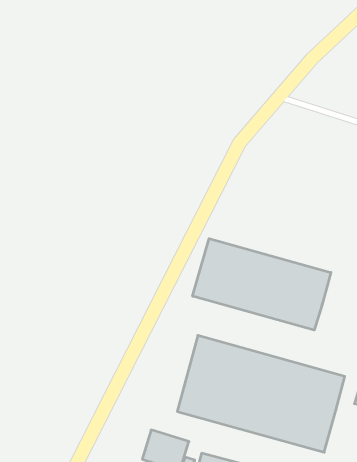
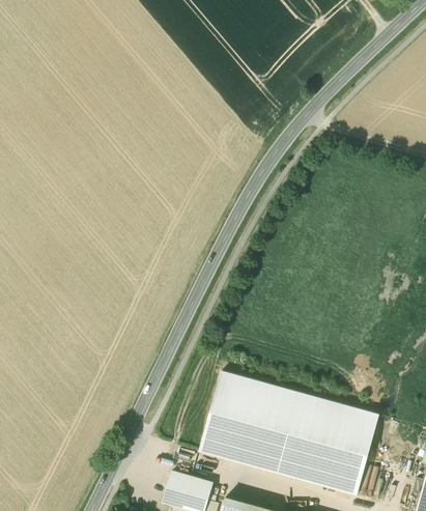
building: [193,239,331,330] -> none

